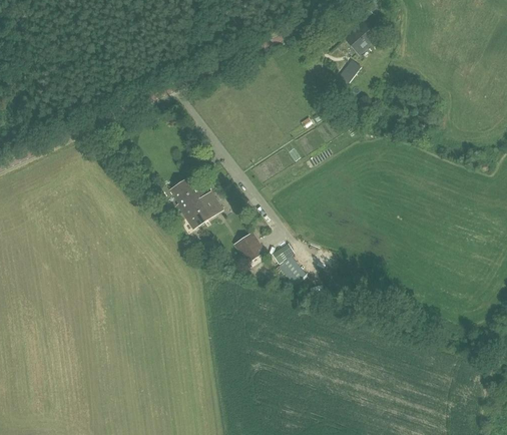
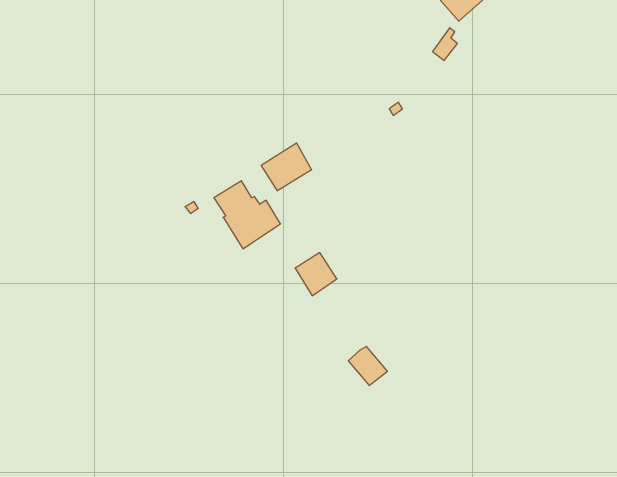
building: none -> [261,143,312,191]
building: [277,255,307,285] -> [348,346,387,386]

